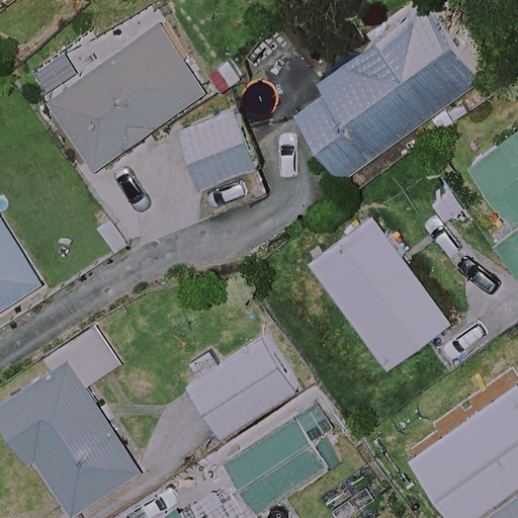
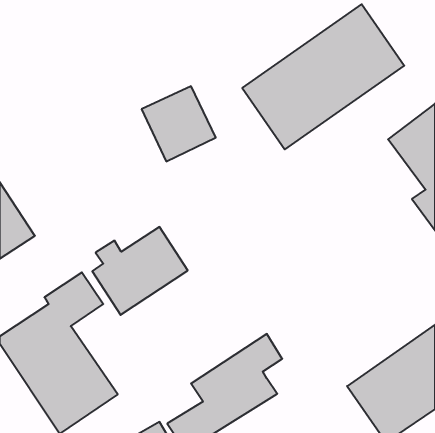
building: [46,26,205,172] -> none
building: [312,218,451,369] -> none
building: [187,337,300,441] -> [92,227,188,315]

